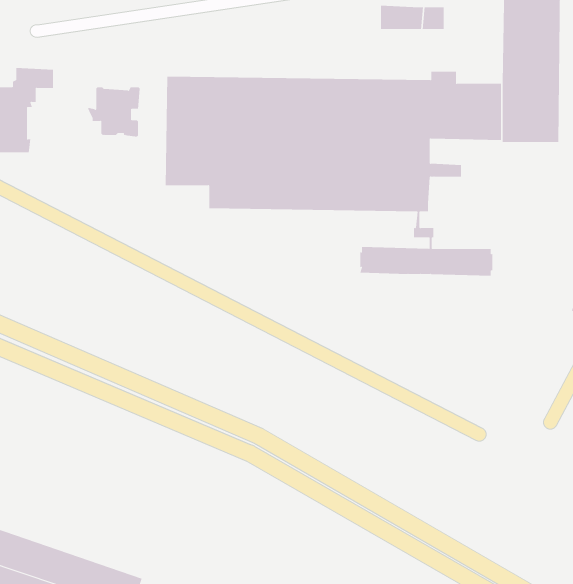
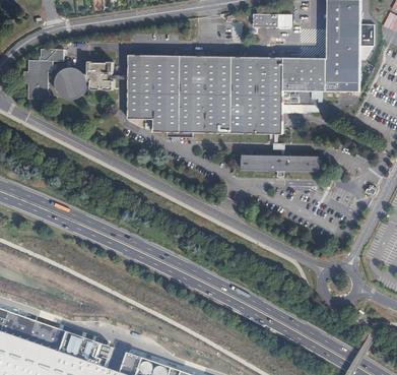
building: none -> [57,69,84,98]

